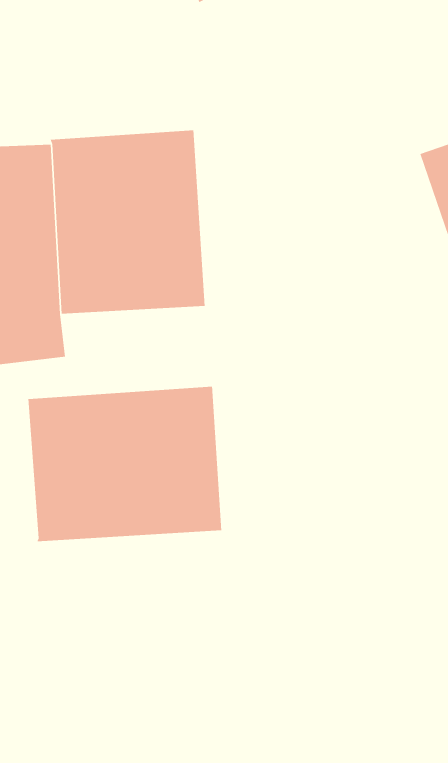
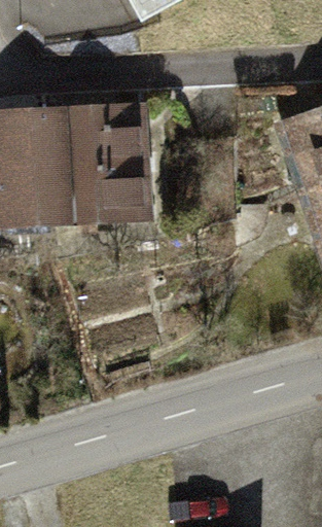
building: [28,386,222,542] -> none

